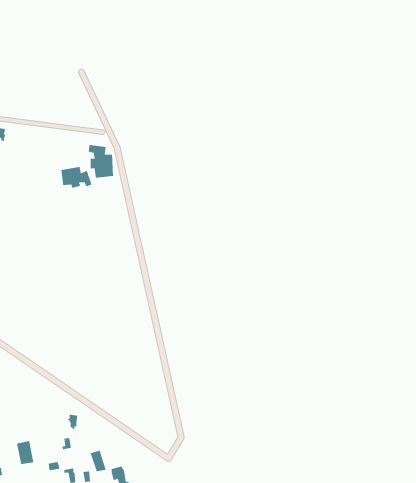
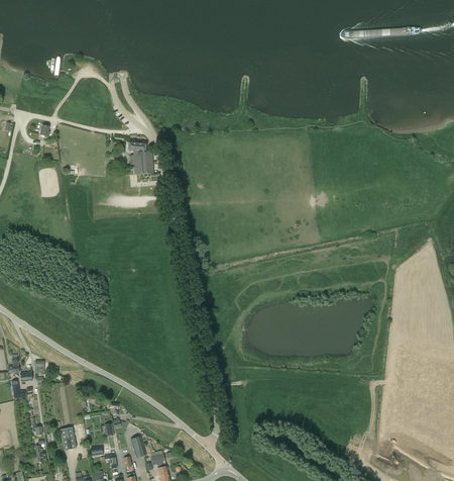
building: [61,166,92,189] -> none

